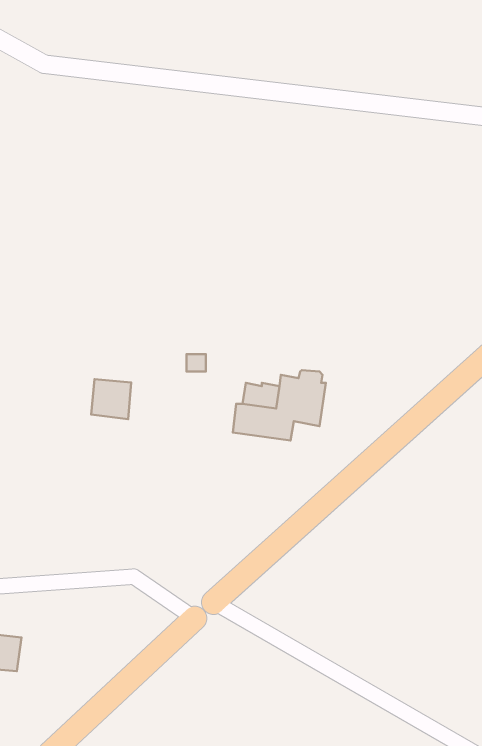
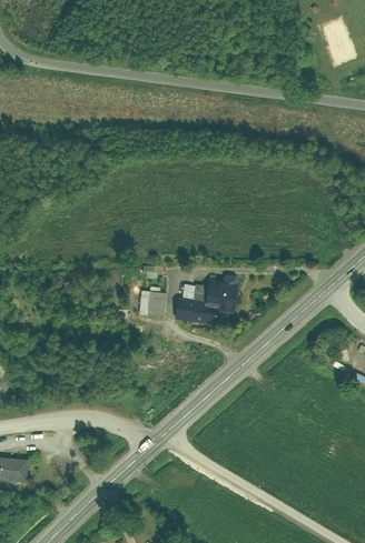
building: [91,379,131,419] -> [138,290,166,318]

